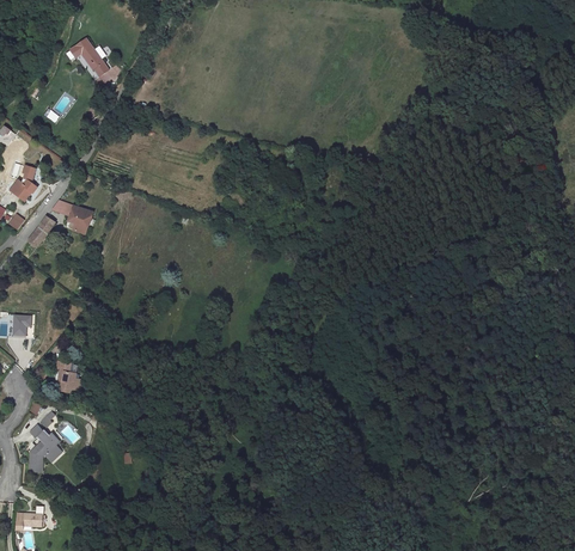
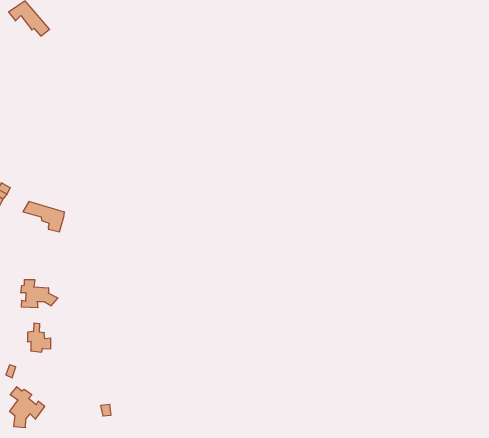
building: [50,201,92,234] -> [23,202,65,232]
building: none -> [21,280,58,308]

